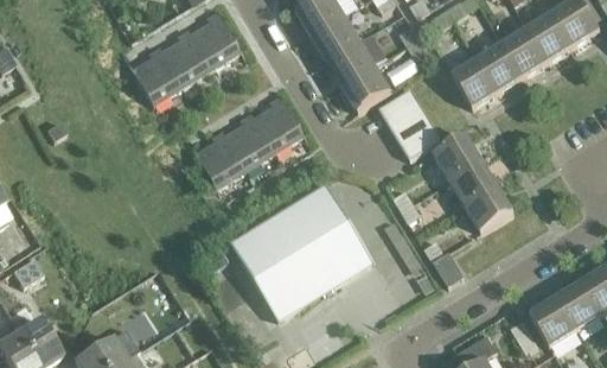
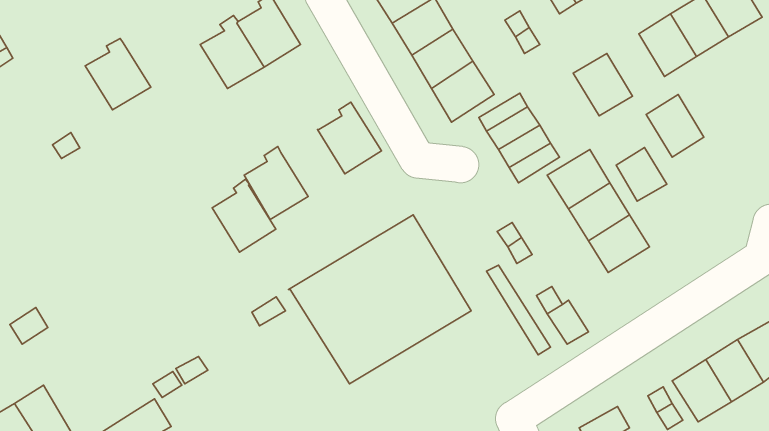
building: [478,43,523,91] -> [646,95,704,157]
building: [132,47,183,103] -> [85,38,151,110]
building: [224,113,274,170] -> [212,179,276,252]
building: none -> [616,148,667,201]

